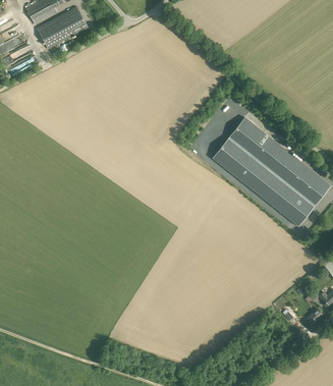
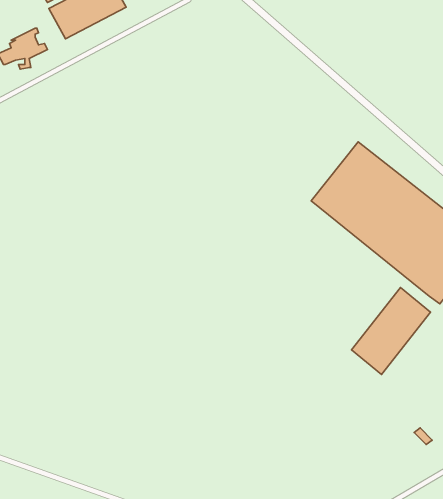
building: none -> [351,288,430,374]

